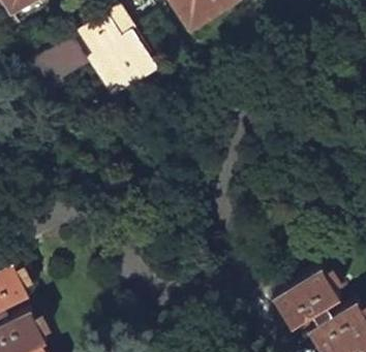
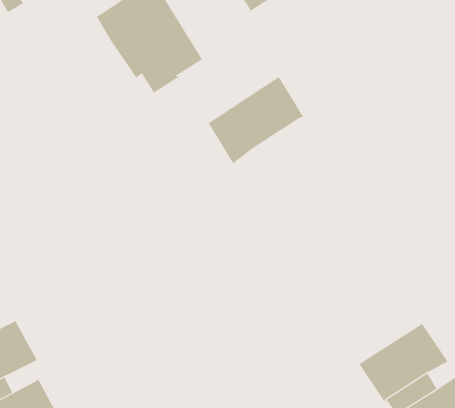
building: [43,36,89,79] -> none
building: none -> [208,76,304,164]

